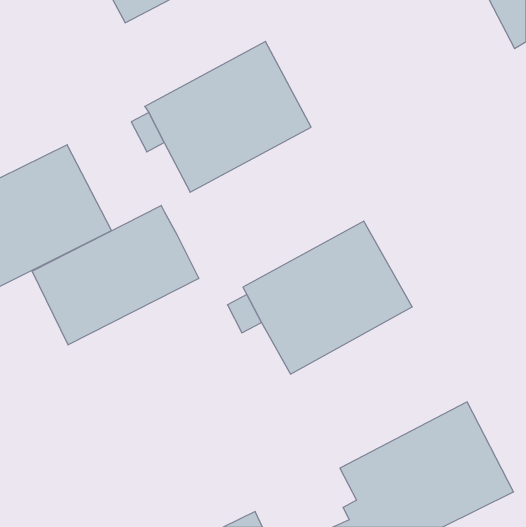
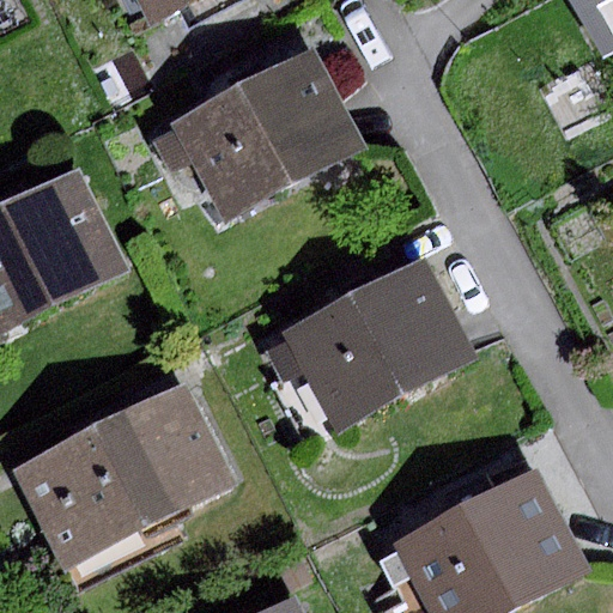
building: [32,205,199,345] -> none
building: none -> [11,381,232,568]

